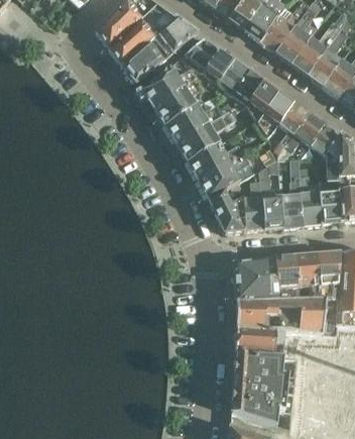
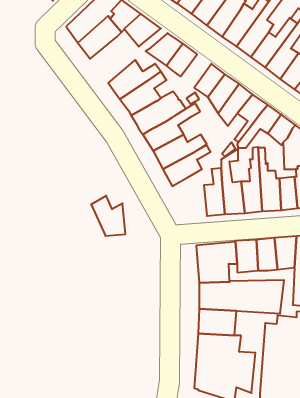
building: [122,41,164,83] -> none
building: [217,60,250,95] -> none
building: [209,190,245,232] -> [91,196,125,236]

